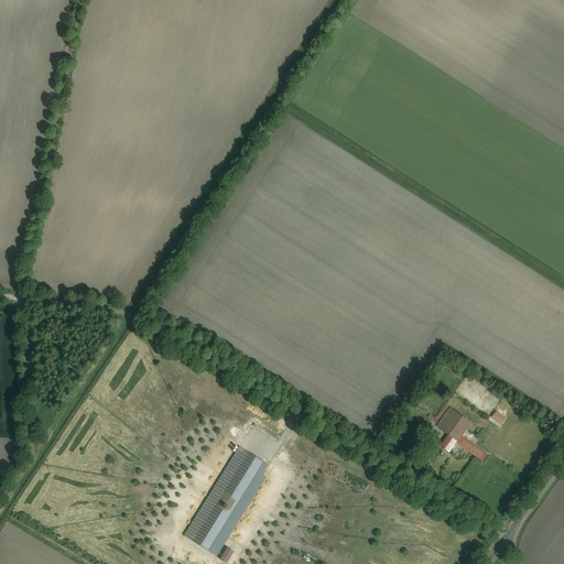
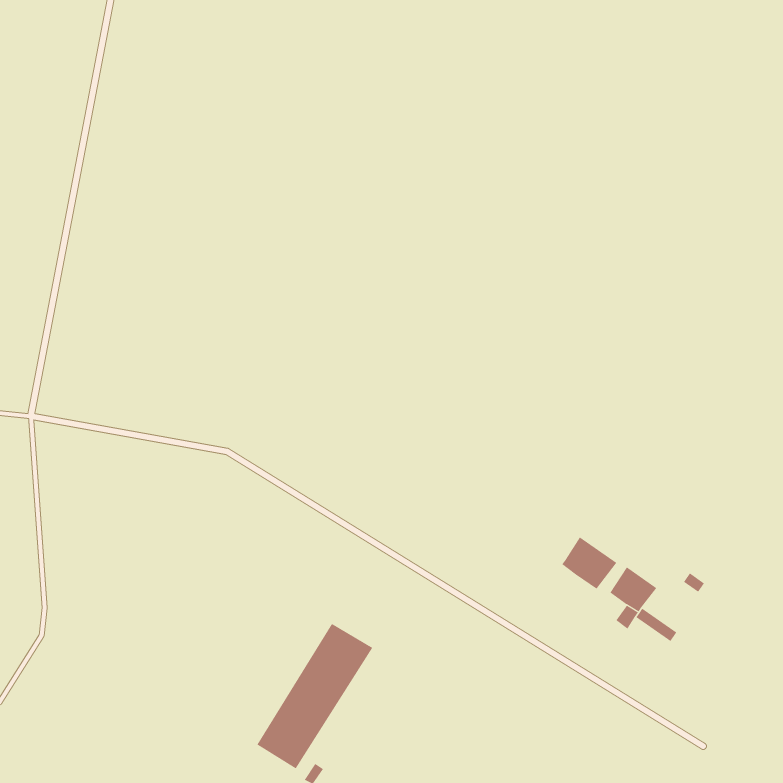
building: none -> [562,536,617,589]

